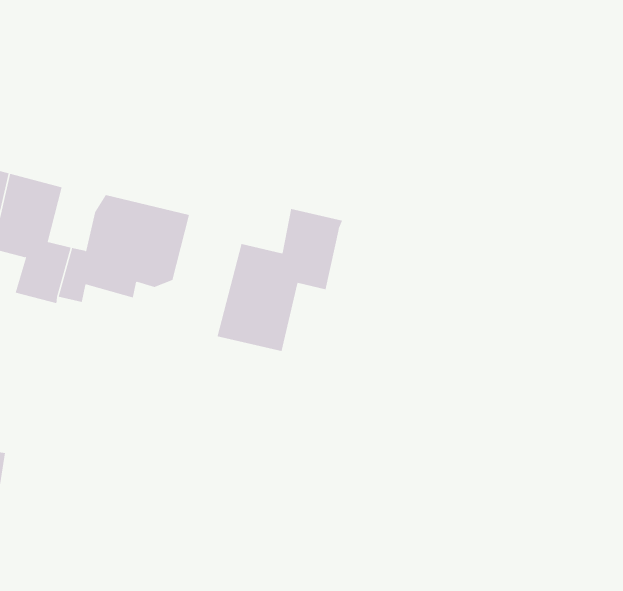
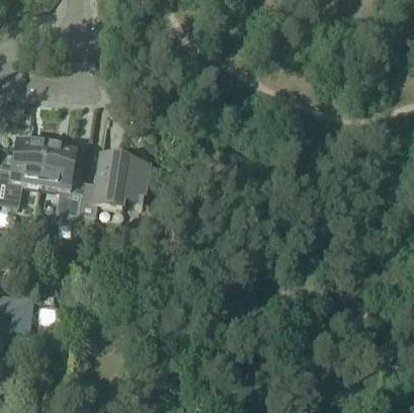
building: [217,208,343,352] -> none

